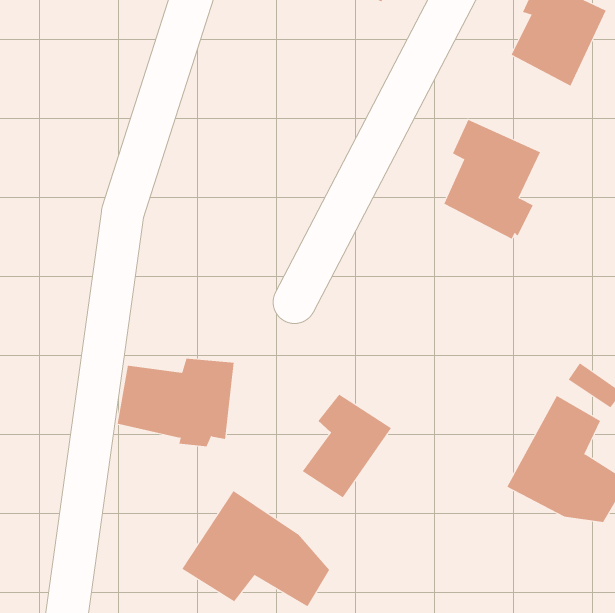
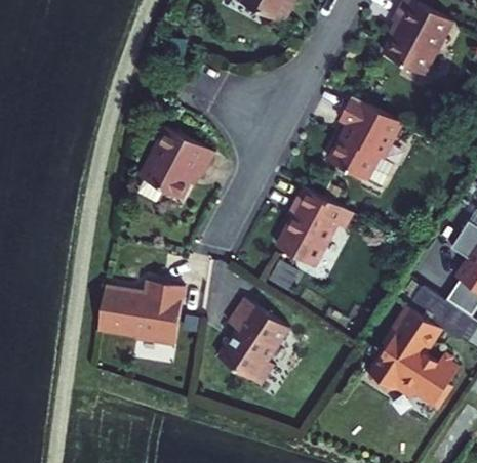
building: none -> [138,130,224,208]
building: none -> [266,199,342,279]
building: [182,490,330,607] -> none

